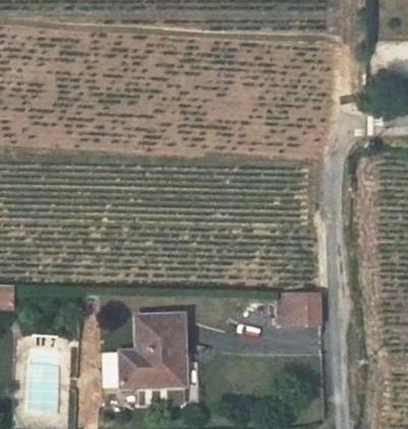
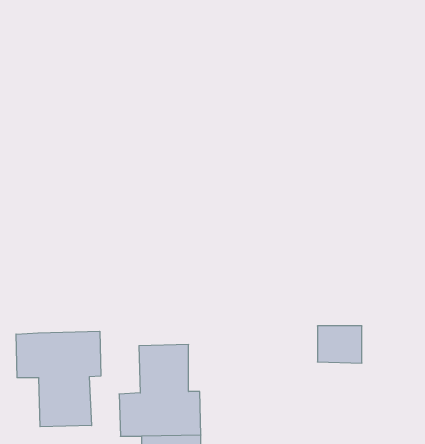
building: none -> [16,331,101,427]

